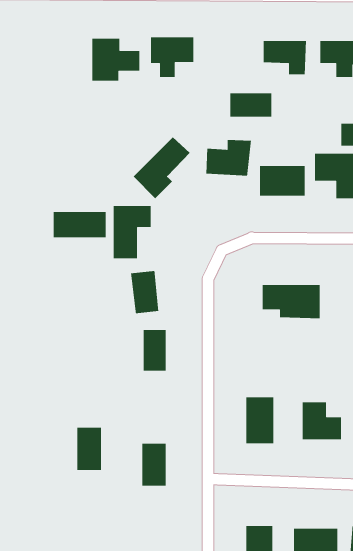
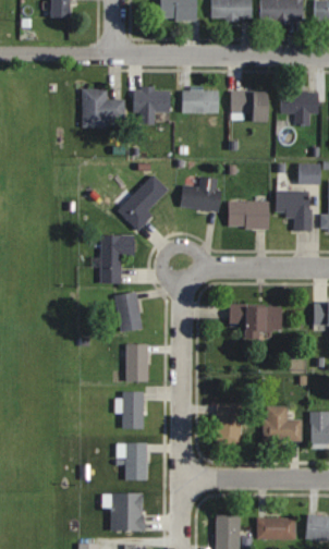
building: [230,93,272,118] -> [182,89,219,111]
building: [53,211,106,238] -> none
building: [77,427,102,471] -> [122,390,144,428]
building: none -> [111,492,144,529]

